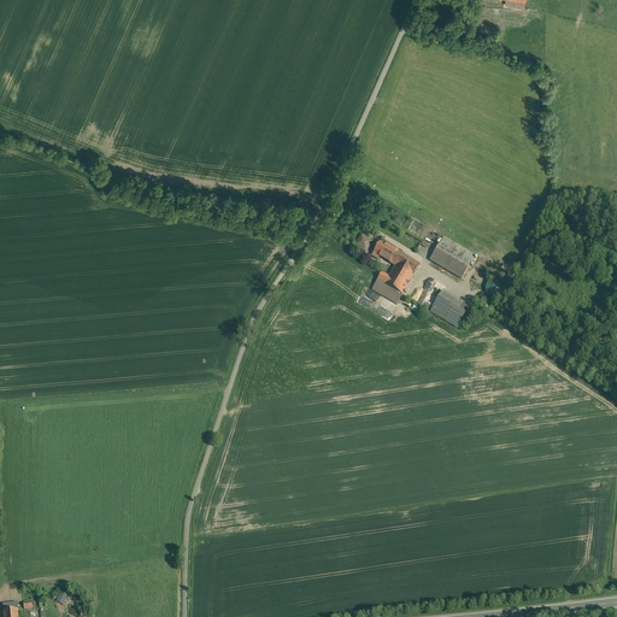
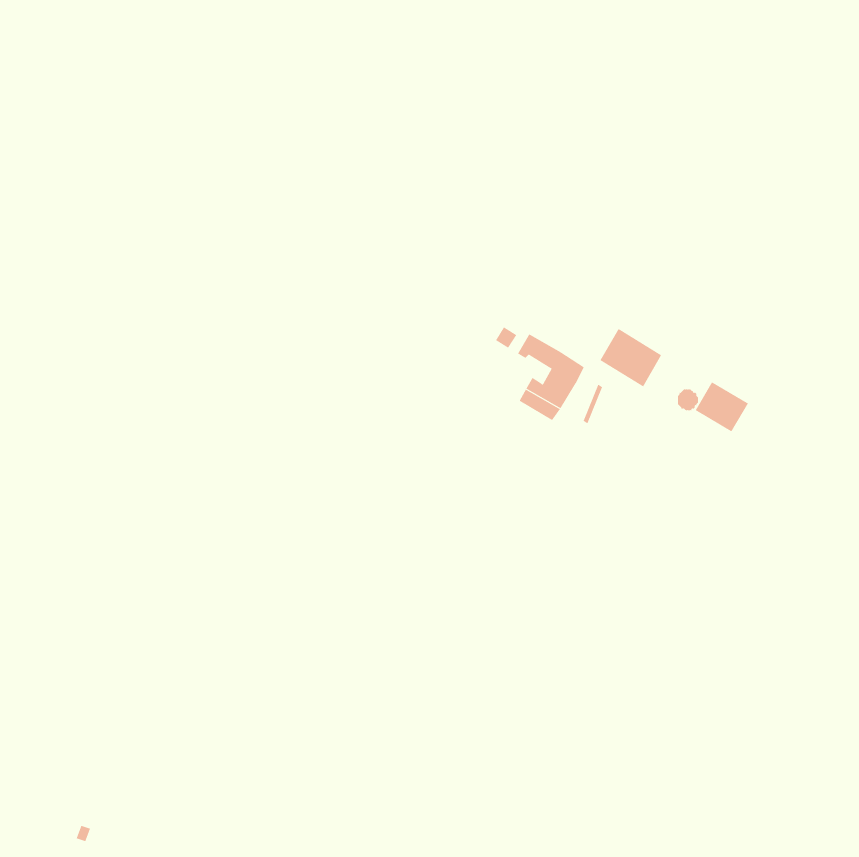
building: [429,289,468,325] -> [695,382,749,432]

